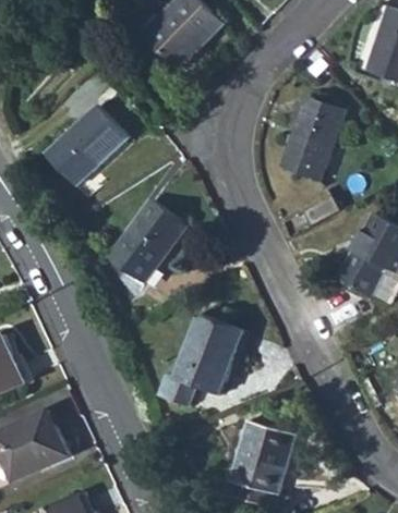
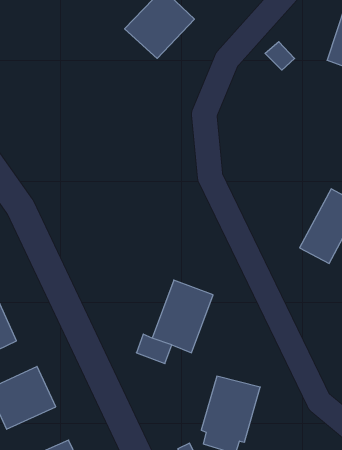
building: [281,96,345,180] -> none
building: [46,106,128,185] -> none
building: [108,200,184,282] -> none

